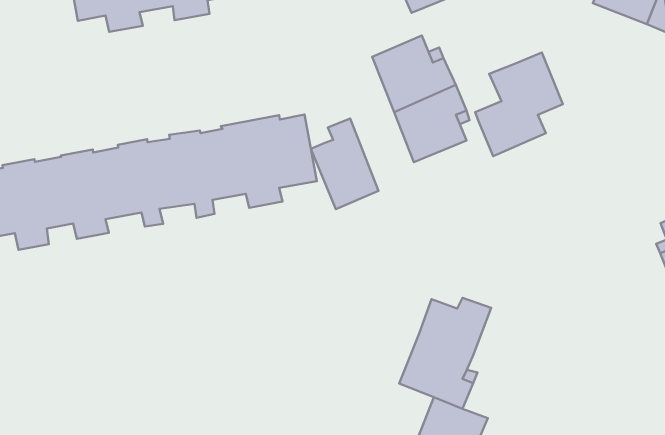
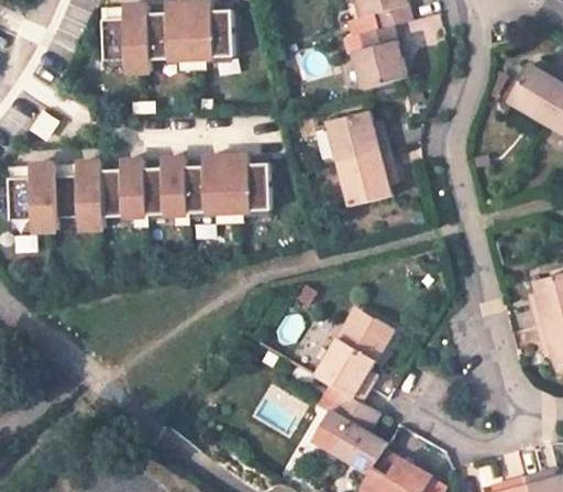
building: [475,52,563,156] -> none
building: [311,119,378,209] -> none

